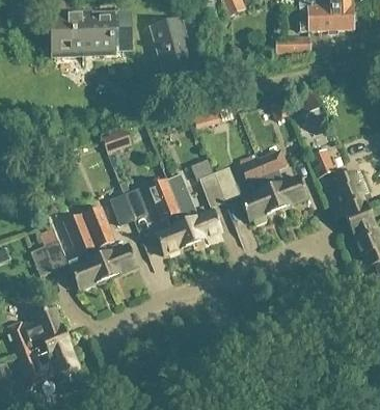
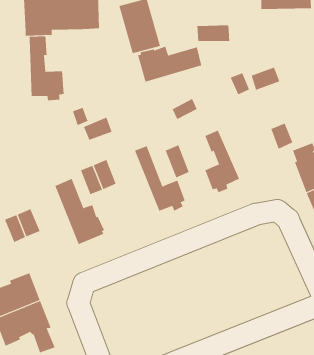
building: [275,35,310,53] -> [196,25,230,41]
building: none -> [29,35,64,101]
building: none -> [137,46,202,82]
building: [256,148,307,208] -> none
building: [214,165,241,200] -> none
building: [147,177,193,254] -> none
building: [65,215,108,288] -> none

